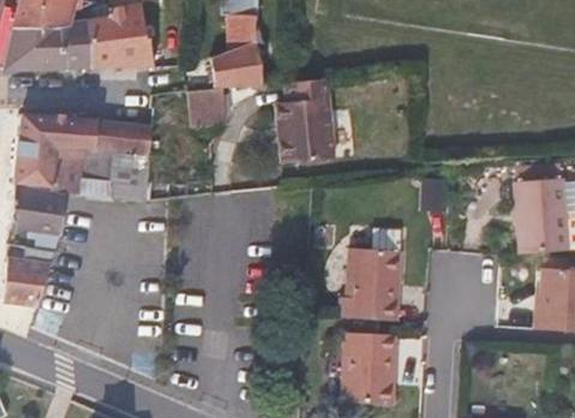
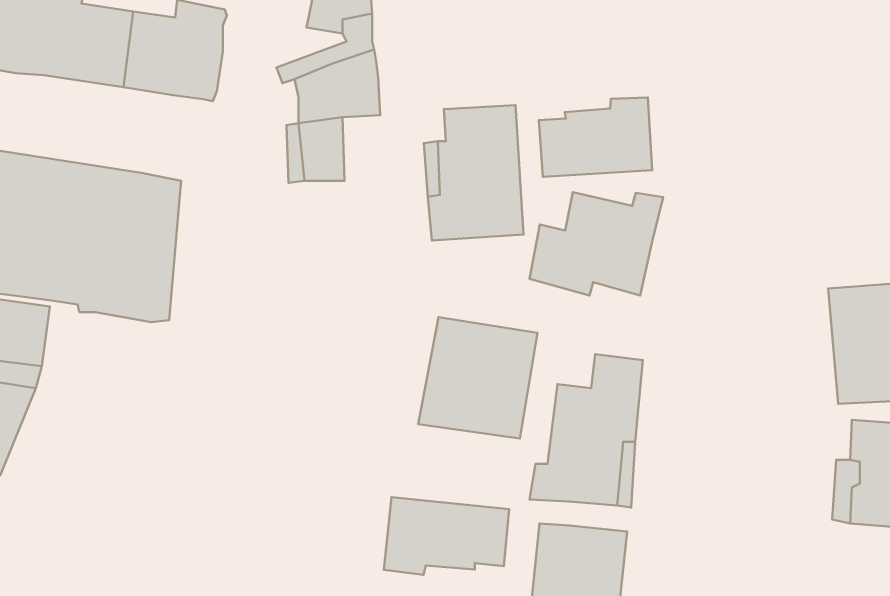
building: none -> [539,98,652,177]
building: none -> [529,192,663,295]
building: none -> [418,317,537,438]
building: none -> [384,497,509,575]

